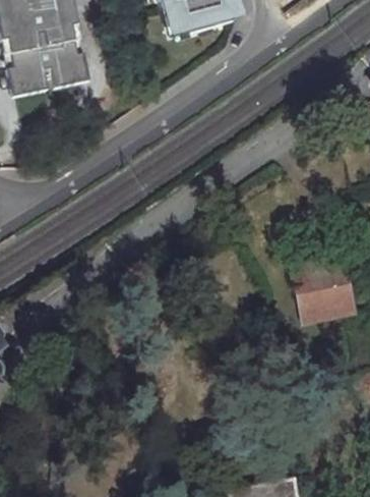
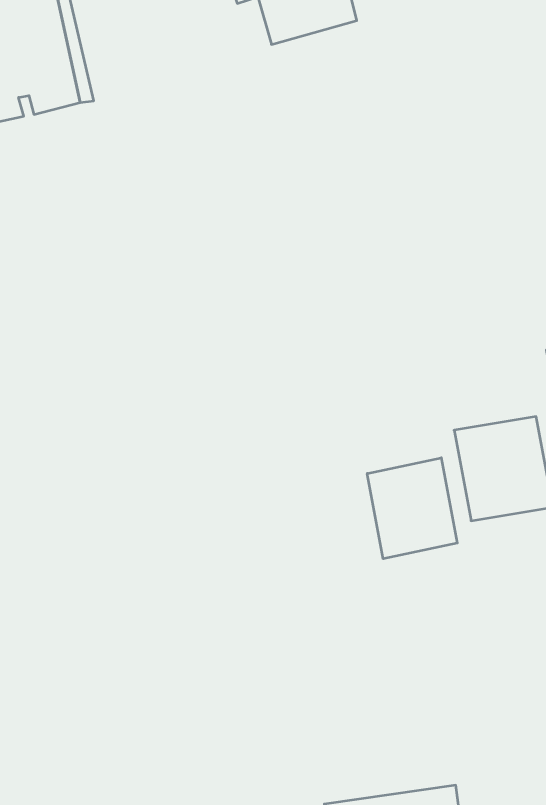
building: none -> [367,458,457,559]

